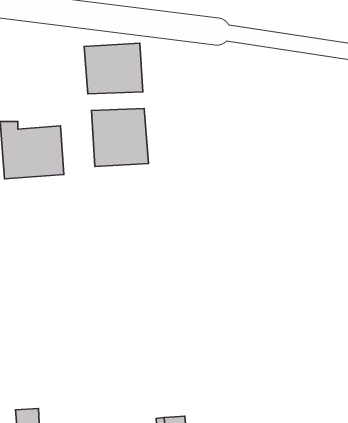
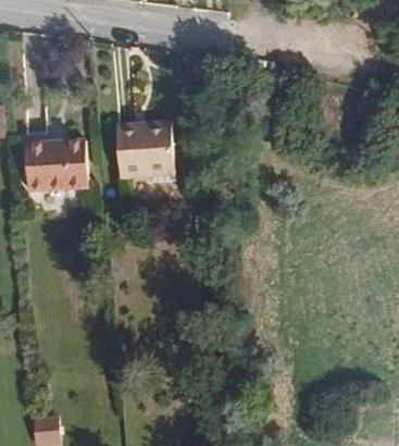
building: [84,43,143,94] -> none

